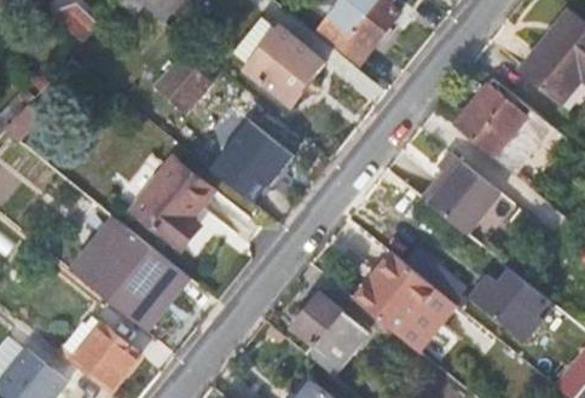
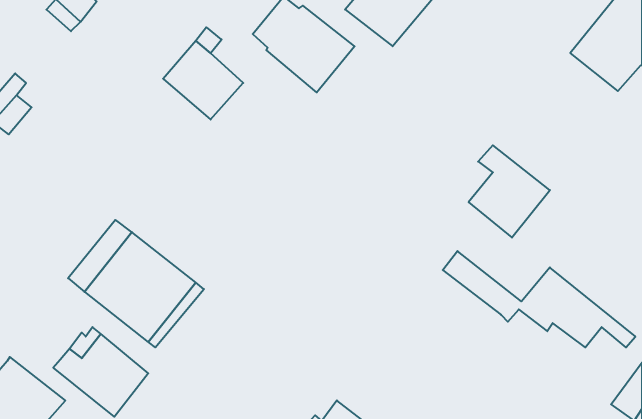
building: [452,77,549,172] -> none
building: [212,121,294,201] -> none
building: [131,160,213,247] -> none
building: [353,253,456,352] -> none
building: [292,292,370,376] -> none

